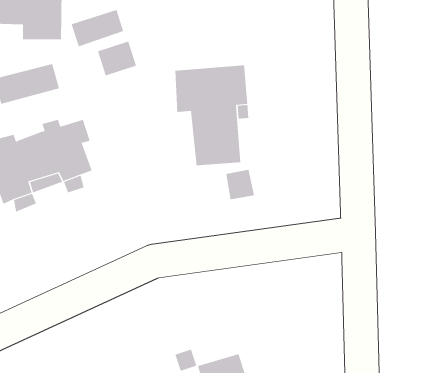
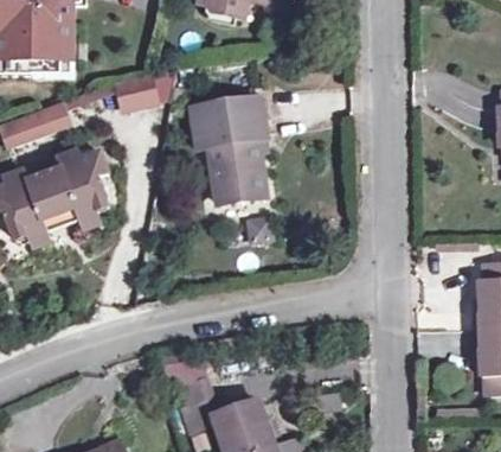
building: [71,9,124,47] -> none

